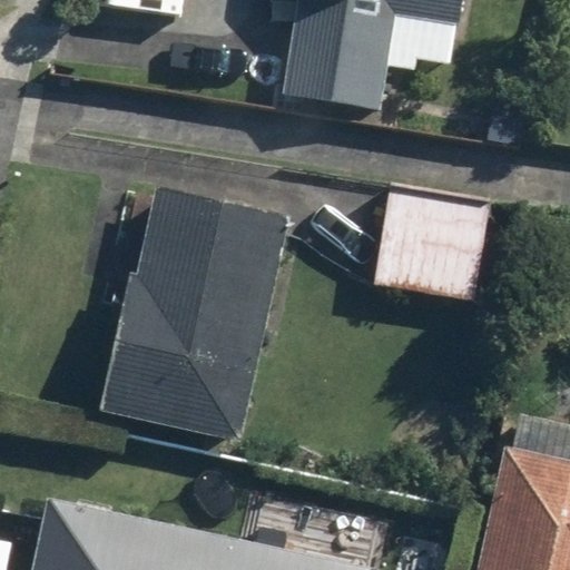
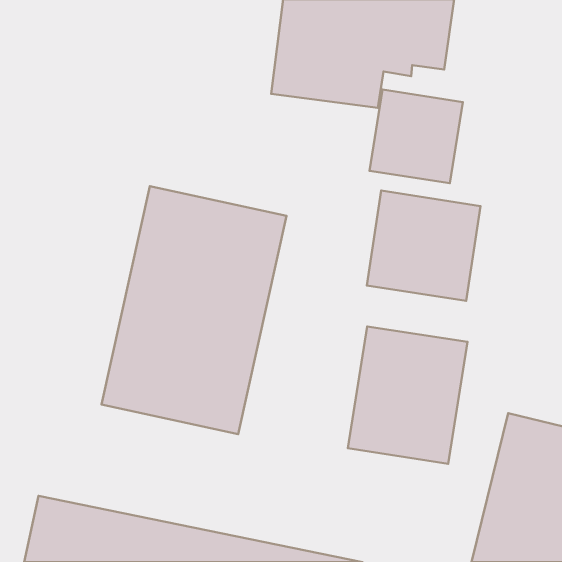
building: none -> [369,90,463,183]
building: none -> [348,326,468,464]

